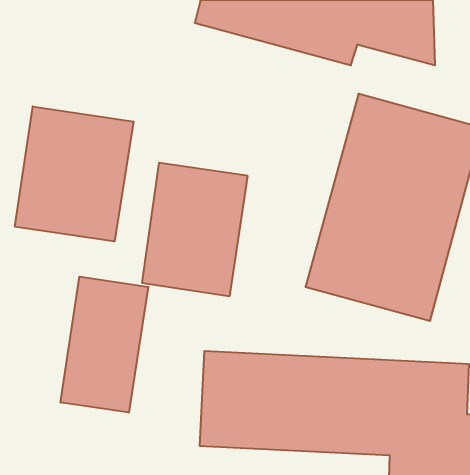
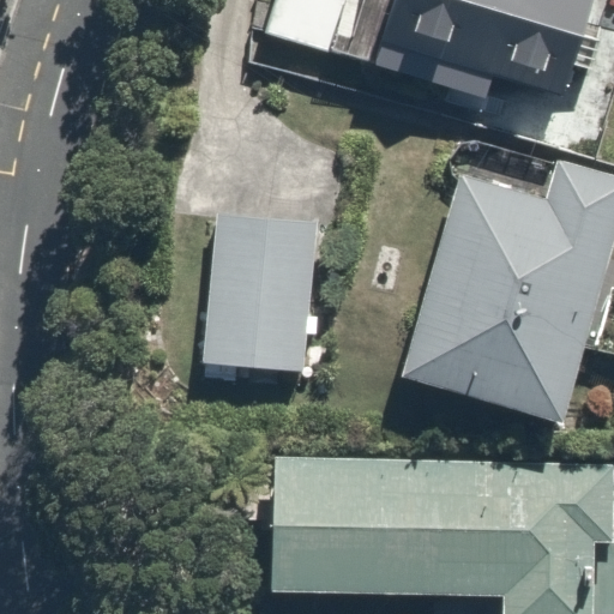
building: [15,106,133,241] -> none
building: [61,277,148,413] -> none

